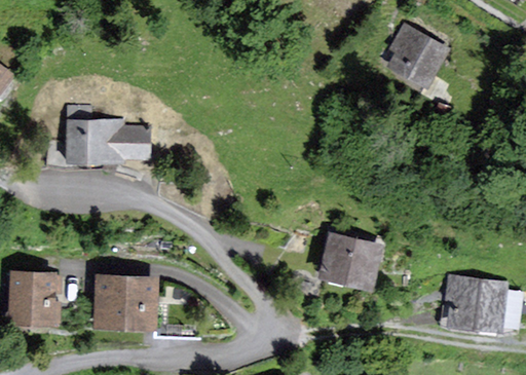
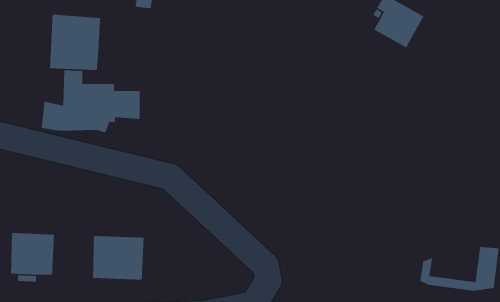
building: none -> [49,14,101,71]
building: [323,234,378,282] -> none
building: [448,277,502,325] -> none

